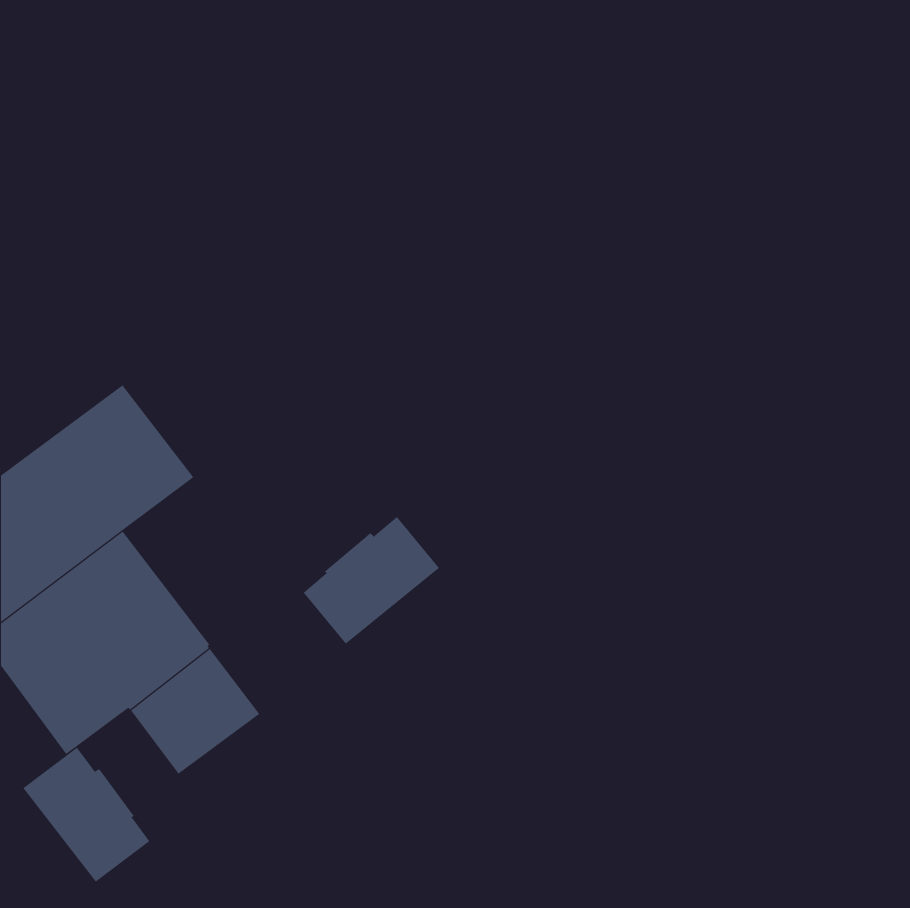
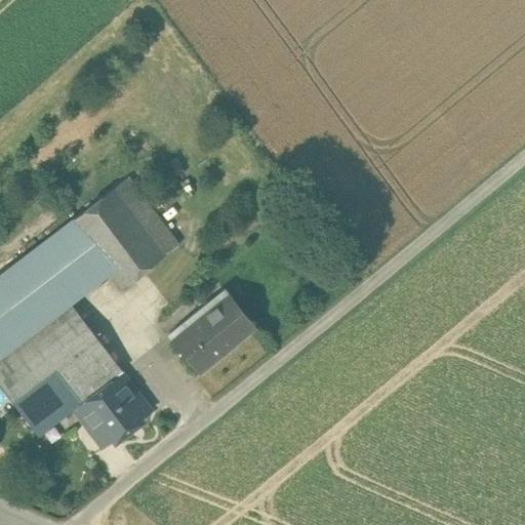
building: none -> [71,178,178,289]
building: [23,747,150,883] -> none

